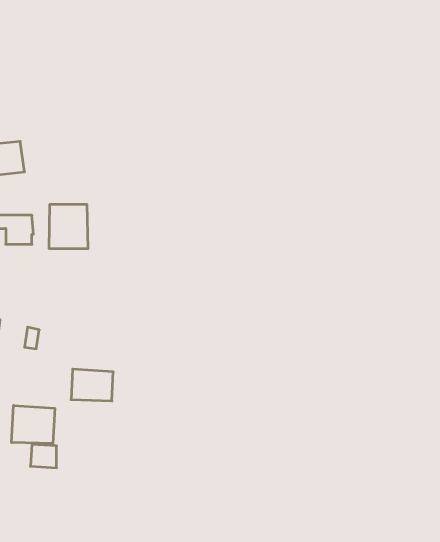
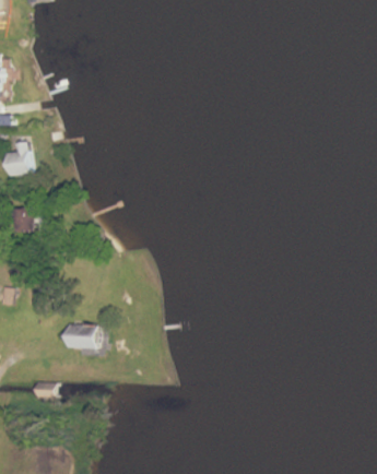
building: [49,204,88,249] -> none
building: [12,405,55,444] -> none

